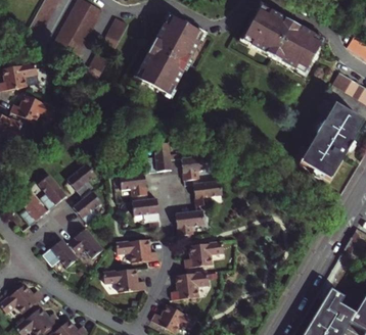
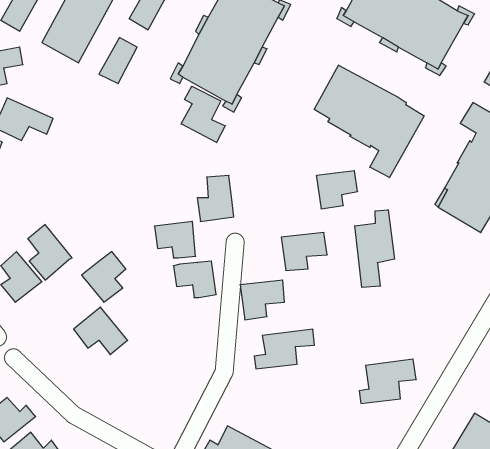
building: none -> [314,65,424,178]
building: none -> [181,86,225,143]
building: [181,153,208,178] -> [316,171,358,209]
building: [67,162,96,196] -> none
building: none -> [355,210,395,287]
building: [118,238,158,261] -> none
building: [44,239,79,269] -> none
building: [105,268,145,292] -> none
building: [178,270,215,298] -> [359,359,416,403]

